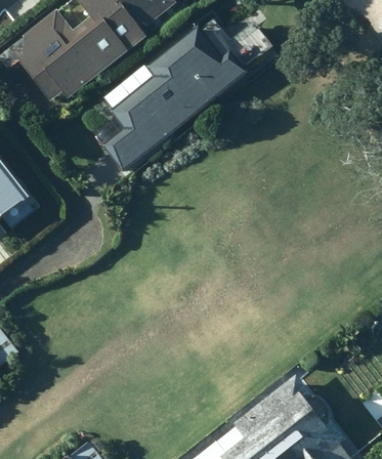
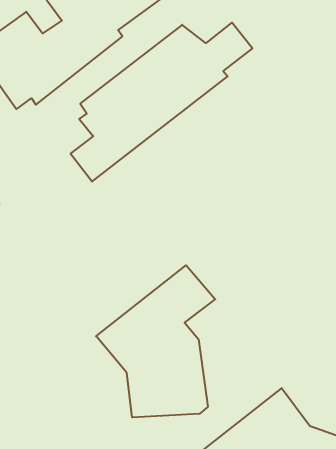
building: none -> [96,265,215,417]

